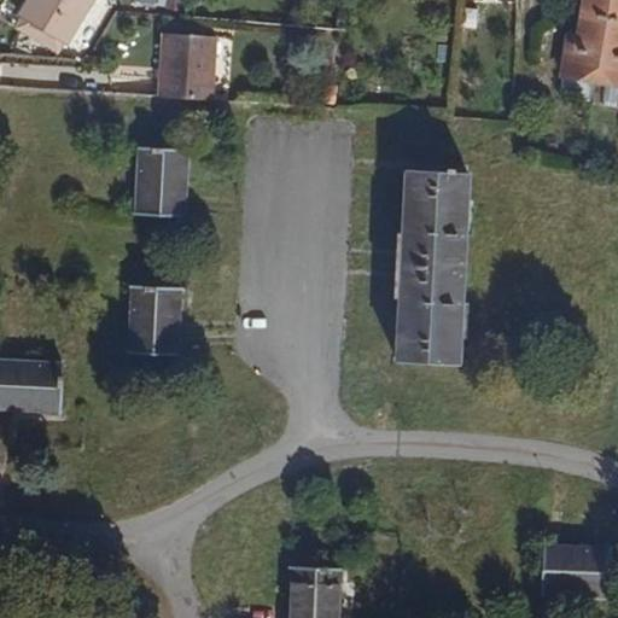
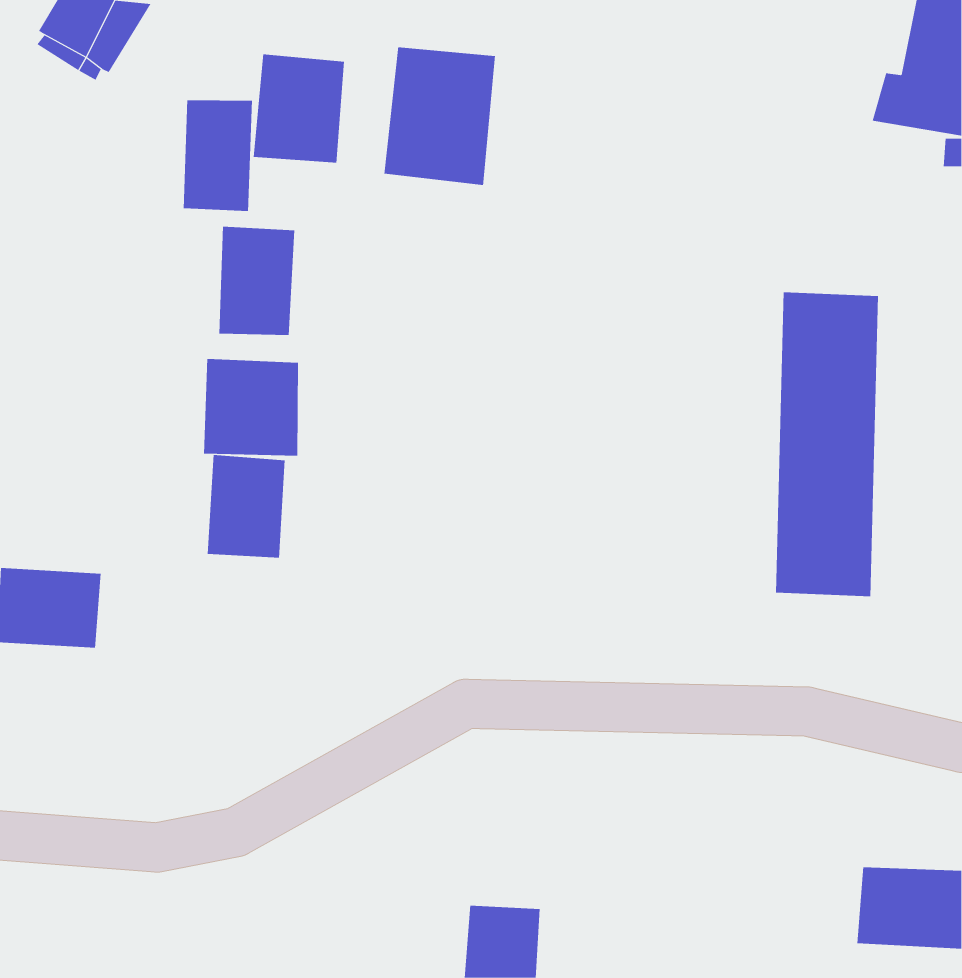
building: none -> [384,47,496,186]
building: none -> [183,100,253,212]
building: [400,171,465,363] -> [775,292,879,597]
building: none -> [204,358,299,457]

